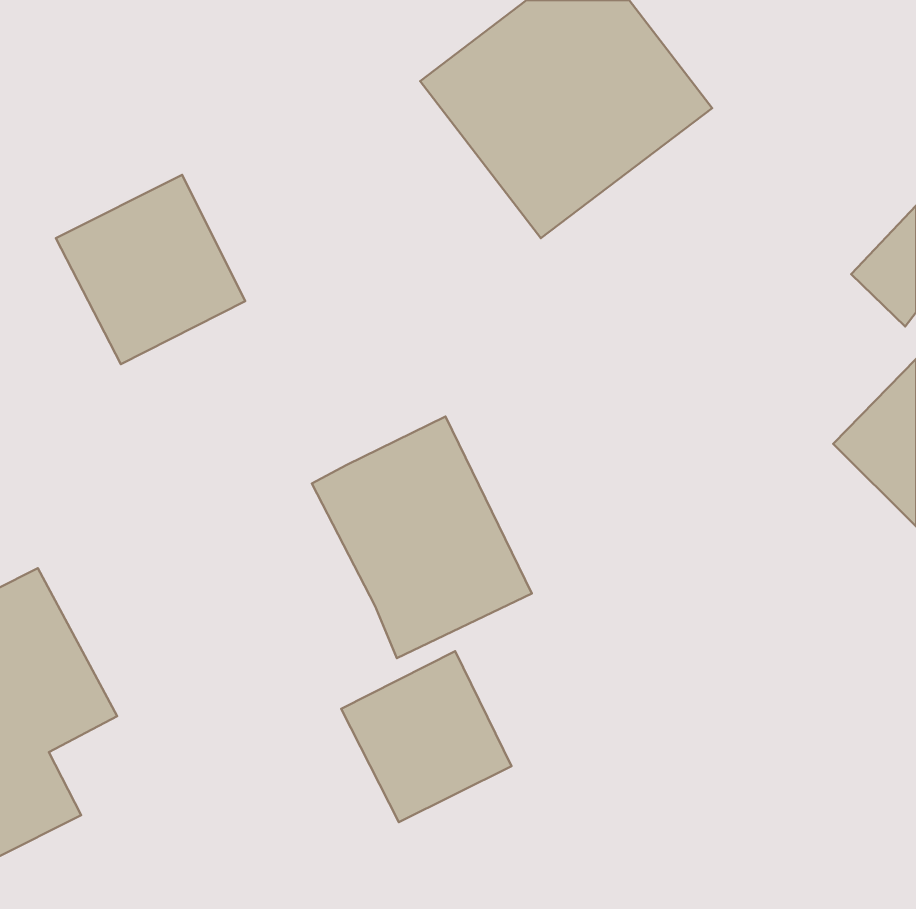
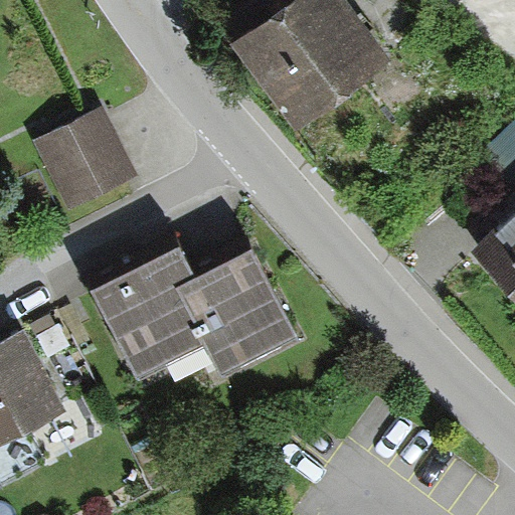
building: none -> [85,234,209,381]
building: [341,651,512,822] -> none

